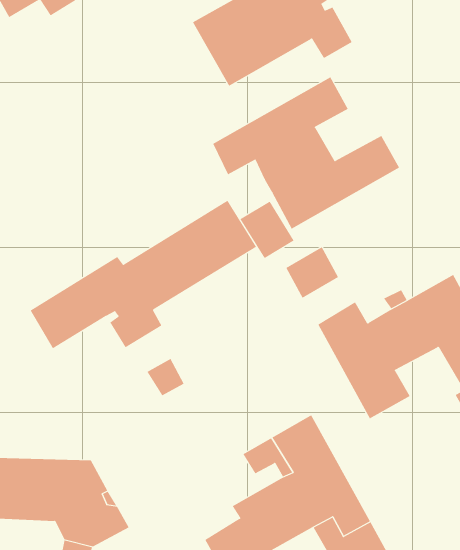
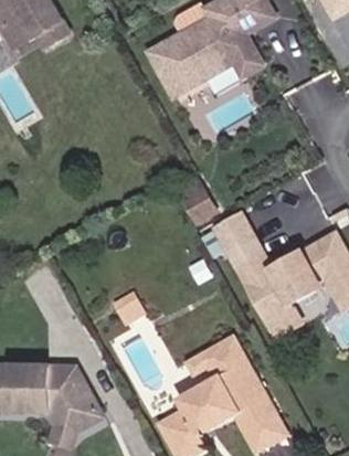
building: [212,76,400,230] -> none
building: [30,200,257,349] -> none

